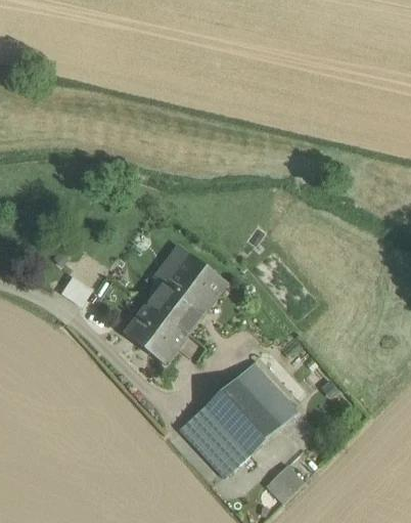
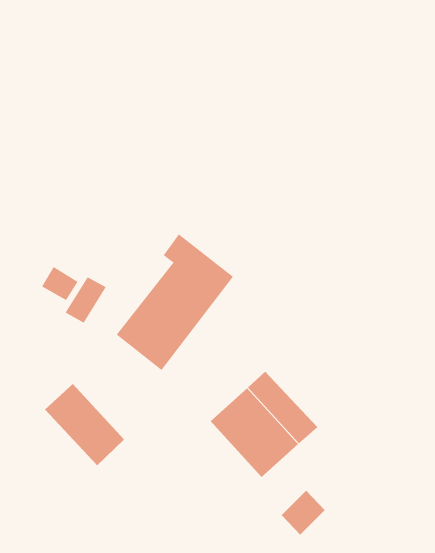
building: none -> [65,276,106,323]
building: [180,406,248,477] -> [44,383,125,466]

